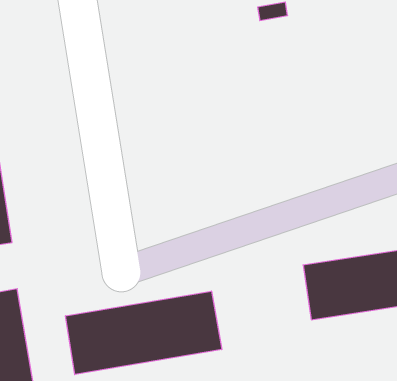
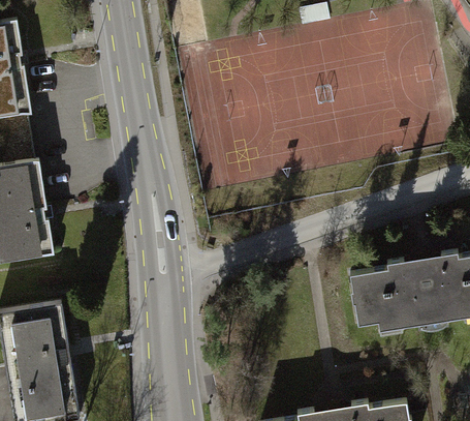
building: [66,291,222,375] -> none

